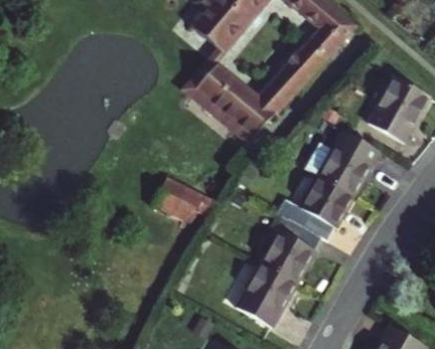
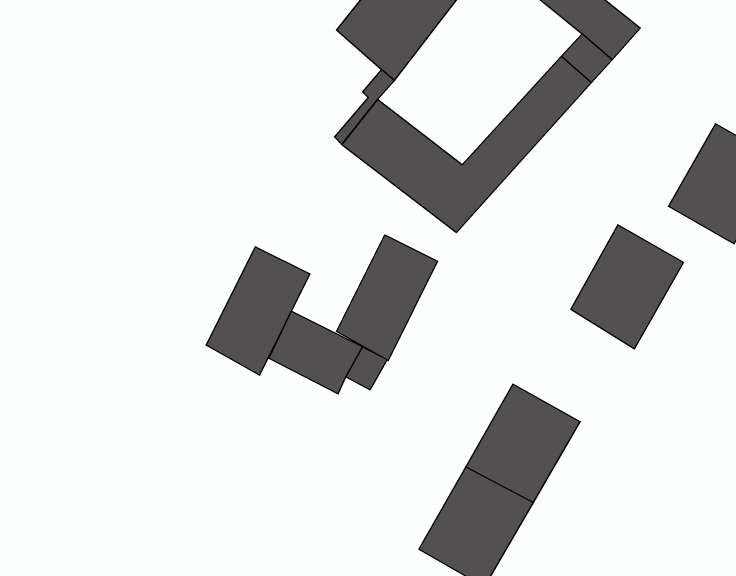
building: none -> [336,235,438,361]
building: none -> [206,247,310,375]
building: [286,177,351,240] -> none

